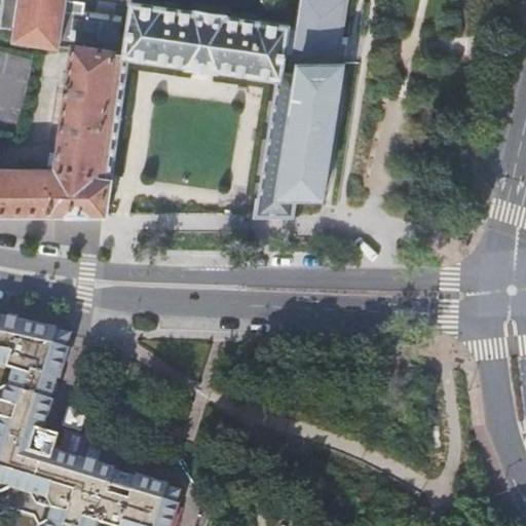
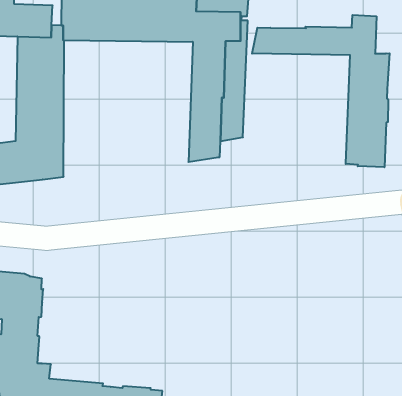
building: none -> [252,15,390,167]

